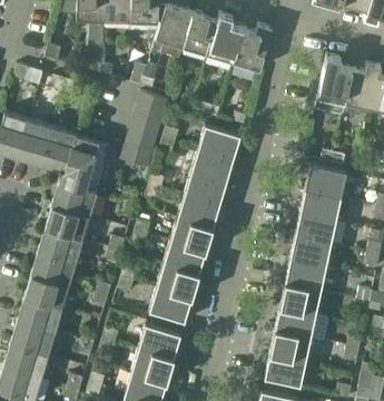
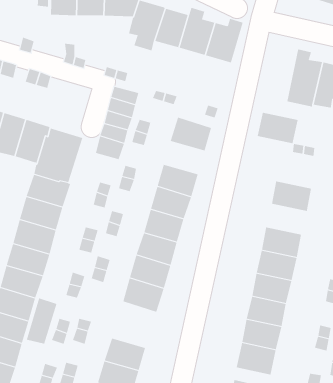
building: [191,149,234,183] -> none
building: [305,165,347,197] -> [257,112,299,144]
building: [295,213,337,244] -> none
building: none -> [26,297,57,345]
building: [139,325,181,359] -> none

